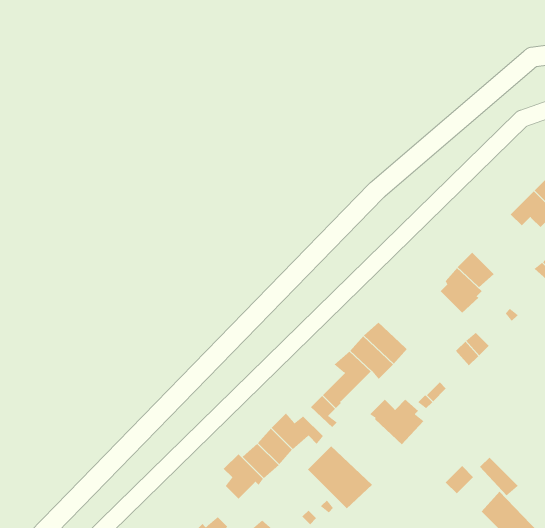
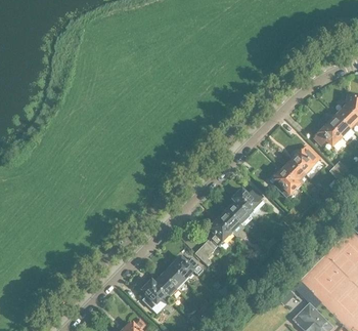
building: none -> [292,146,319,173]
building: [369,399,424,445] -> [232,190,265,217]
building: [307,445,373,509] -> none

